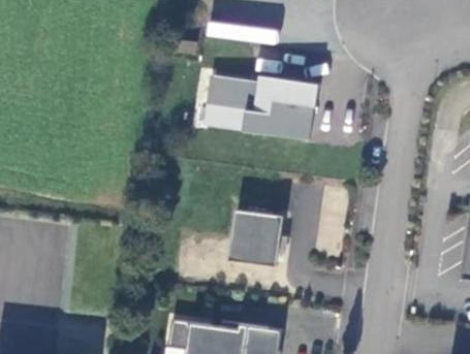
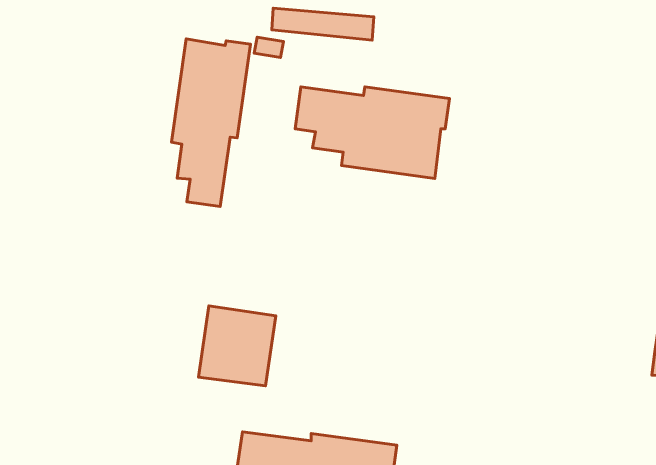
building: none -> [172,39,250,207]
building: [230,211,285,267] -> [199,306,276,386]

